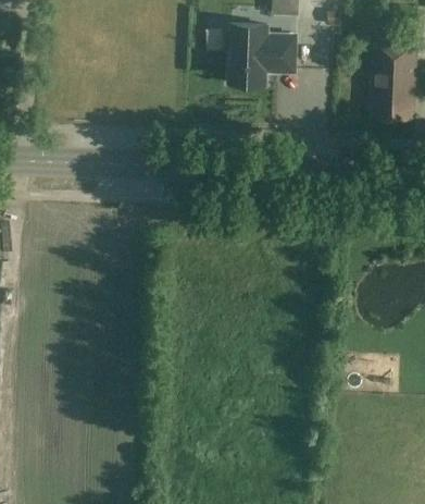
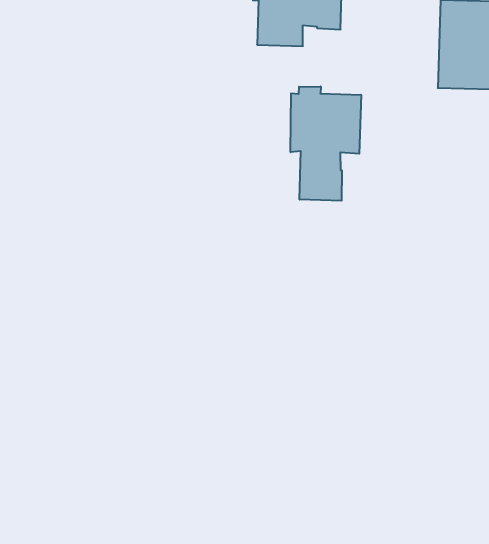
building: none -> [291,86,361,201]

